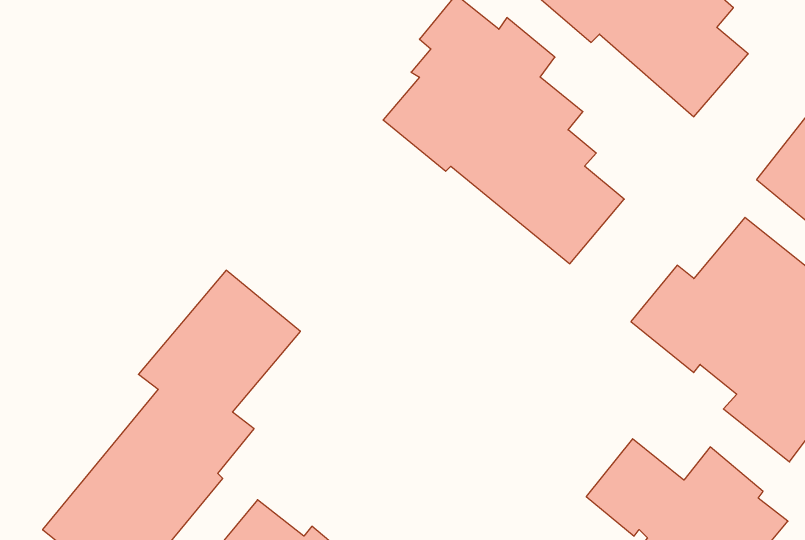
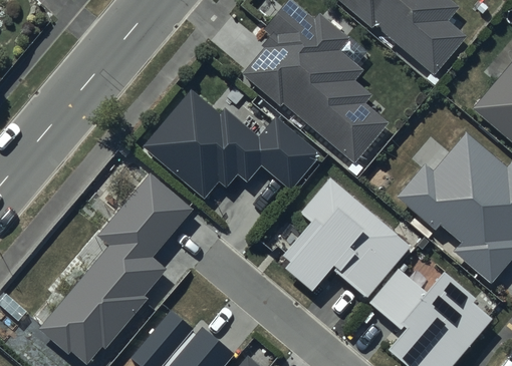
building: none -> [147,93,321,199]
building: none -> [283,180,414,302]

